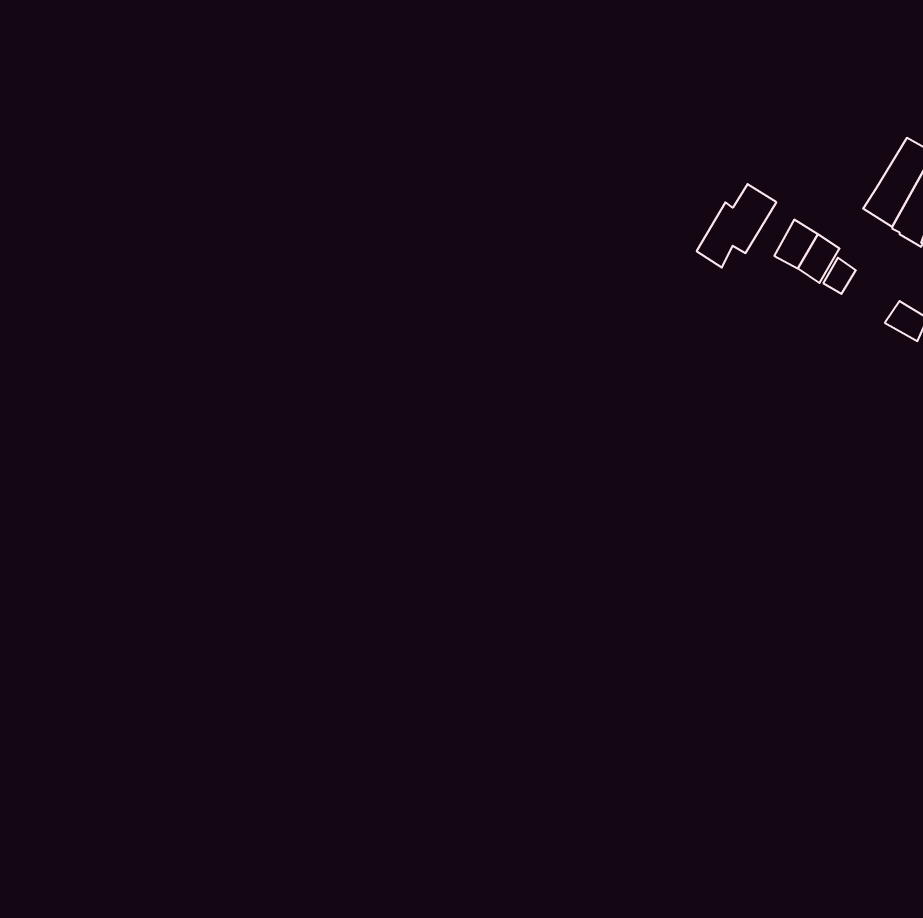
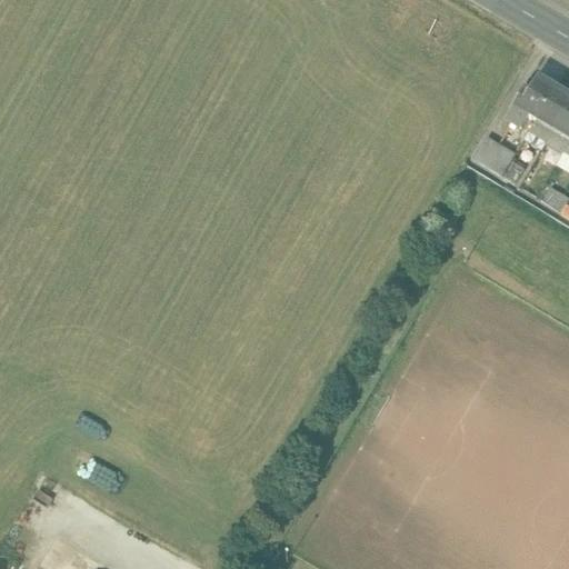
building: [697,184,776,268] -> [509,73,558,124]

